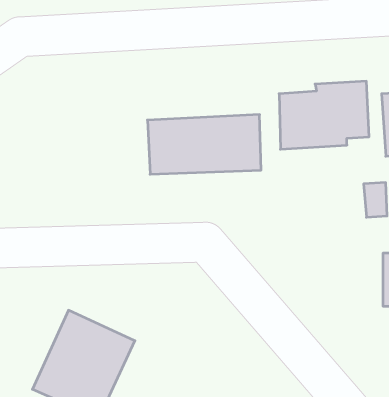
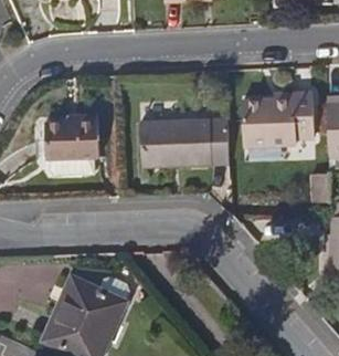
building: none -> [45,113,99,170]

